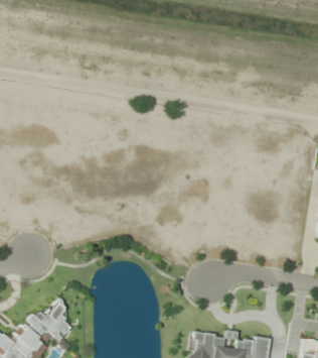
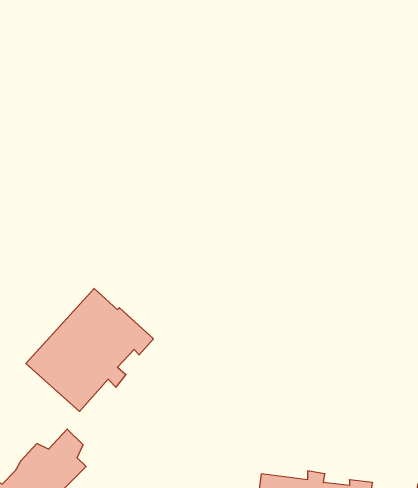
building: none -> [26,288,153,411]

